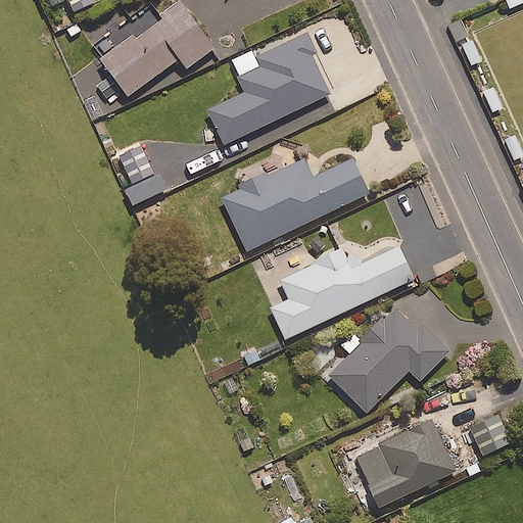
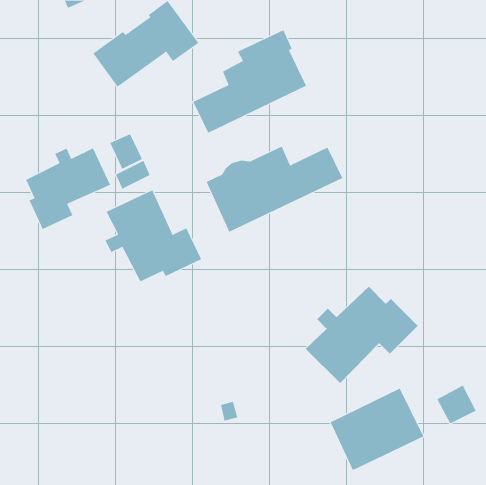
building: none -> [25,147,111,230]
building: none -> [105,189,202,282]
building: [271,246,414,339] -> none

